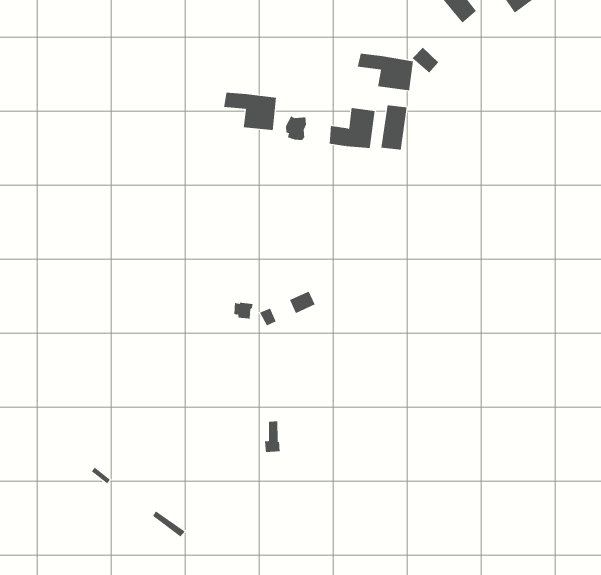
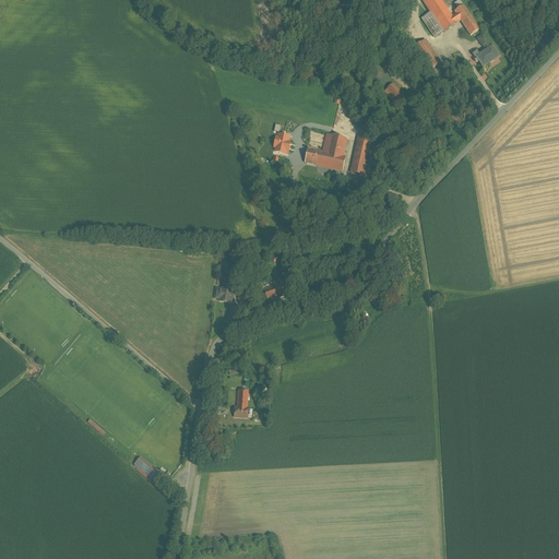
building: [357,53,414,91] -> none
building: [223,92,276,131] -> none

